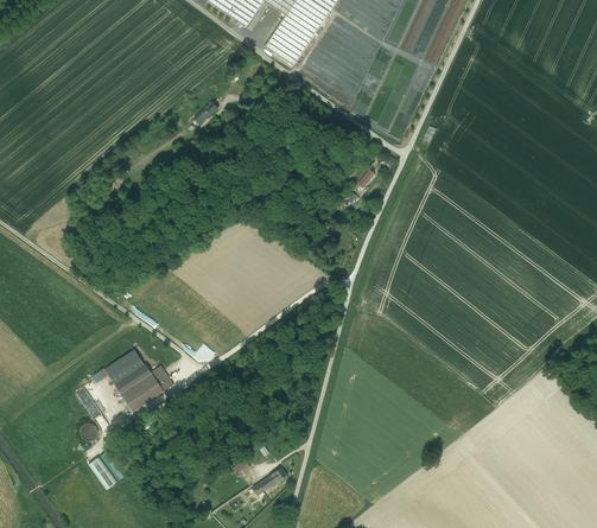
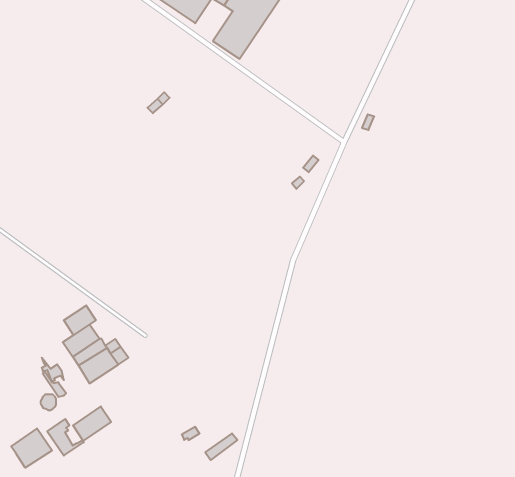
building: none -> [64,305,96,335]
building: none -> [73,406,111,441]
building: none -> [11,428,52,468]

